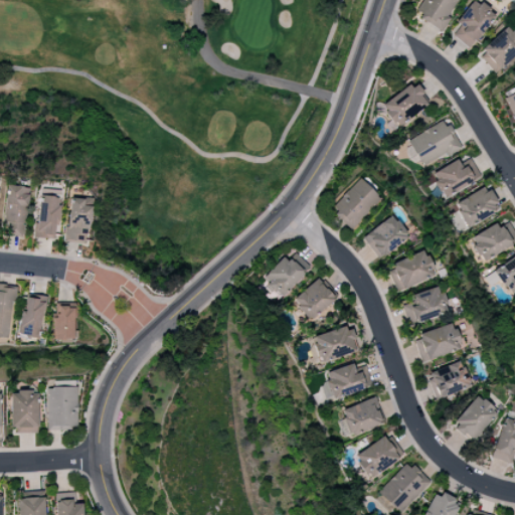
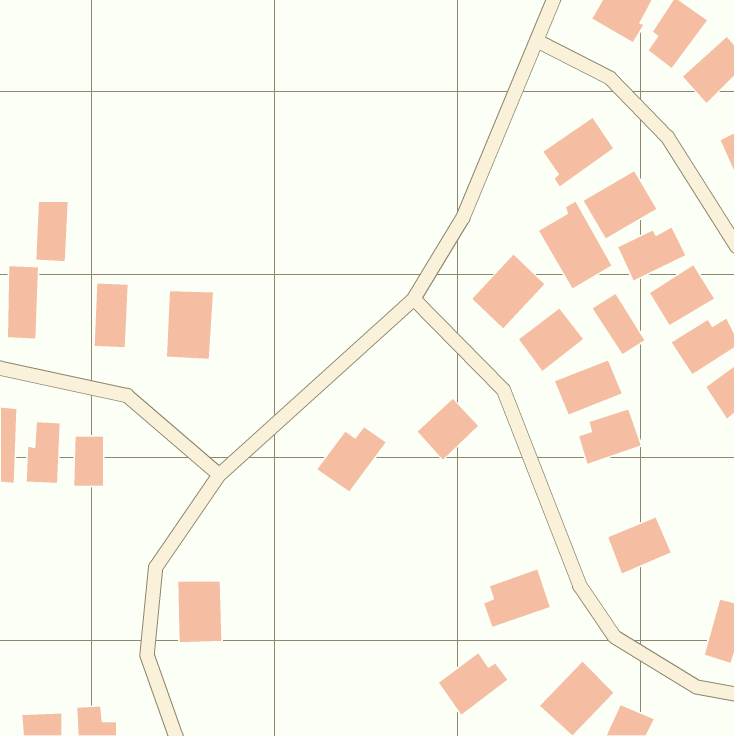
building: none -> [538,200,613,290]
building: [37,196,60,238] -> [35,201,69,262]
building: none -> [166,290,214,360]
building: none -> [591,293,646,355]
building: [262,252,311,299] -> [316,426,387,493]
building: [415,323,463,361] -> none
building: [313,325,358,362] -> none
building: [326,362,373,399] -> none
building: [47,386,78,430] -> [177,581,222,643]
building: [11,391,38,432] -> none
building: [453,394,498,441] -> none
building: [355,435,404,479] -> [438,652,509,716]

